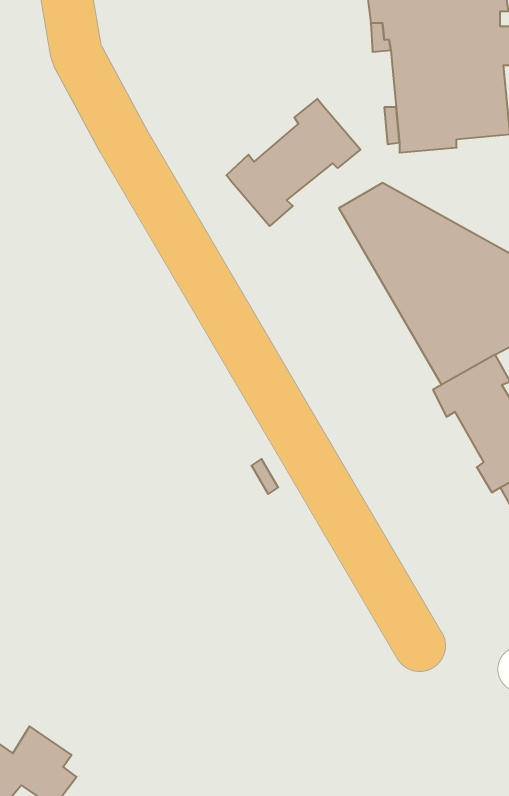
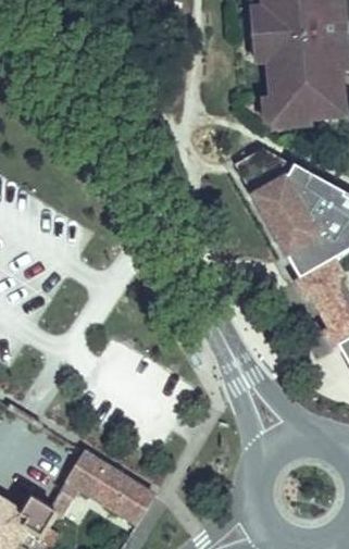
building: [226,99,360,226] -> none
building: none -> [57,449,157,527]

